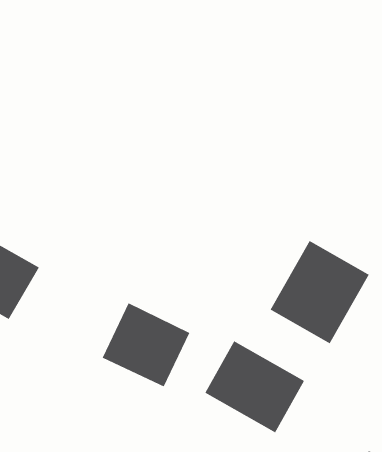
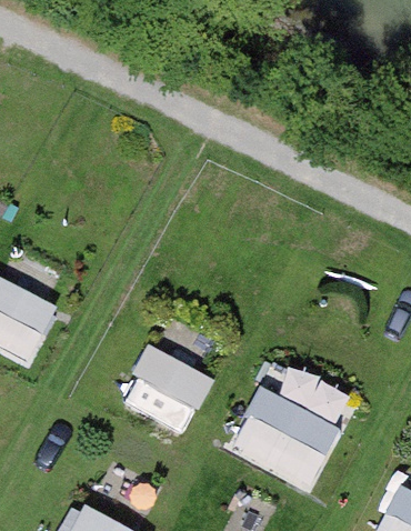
building: [270,240,370,344] -> none

